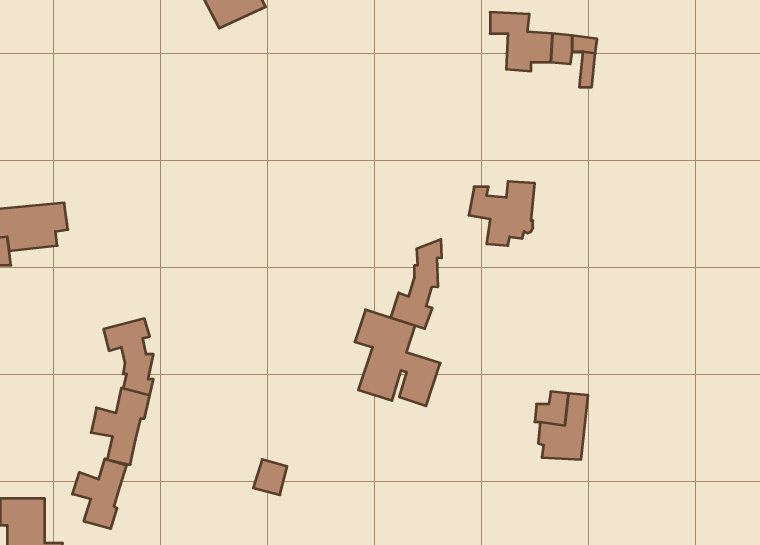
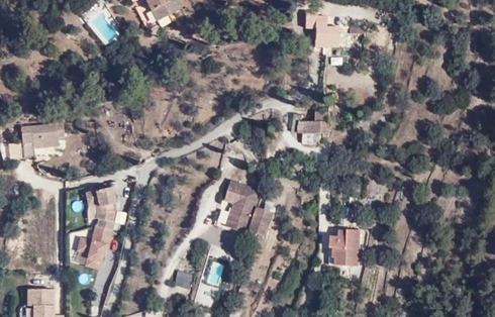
building: [391,239,442,329] -> none
building: [72,459,126,529] -> none

